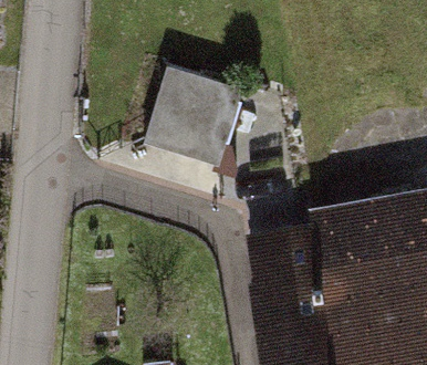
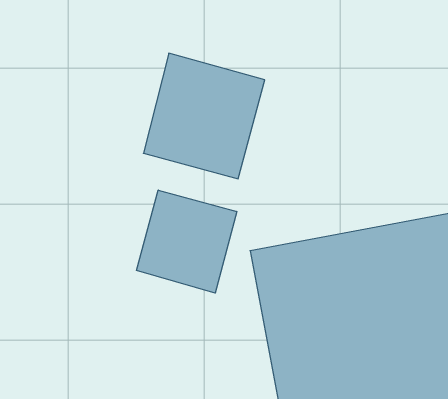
building: none -> [136,190,237,293]

